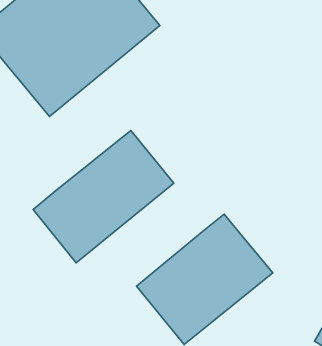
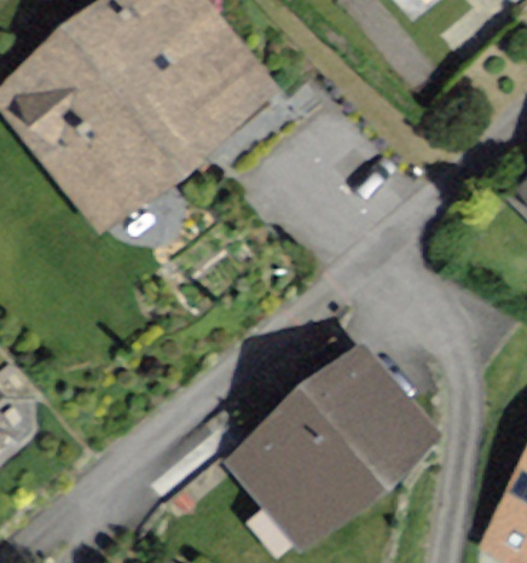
building: [33,130,174,263] -> none

